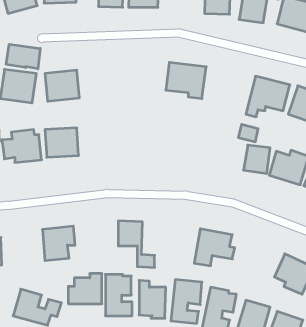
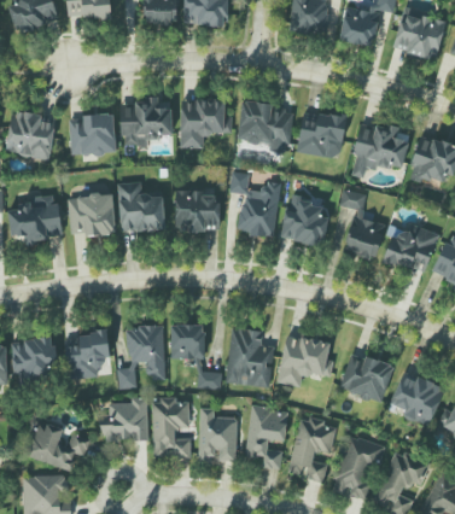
building: [6,44,40,69] -> none
building: none -> [180,99,232,147]
building: none -> [121,100,171,144]
building: none -> [297,112,345,158]
building: none -> [229,171,280,235]
building: none -> [117,181,164,232]
building: none -> [175,189,218,230]
building: none -> [281,195,327,246]
building: none -> [118,326,164,387]
building: none -> [224,327,274,387]
building: none -> [11,337,56,382]
building: none -> [338,351,393,402]

